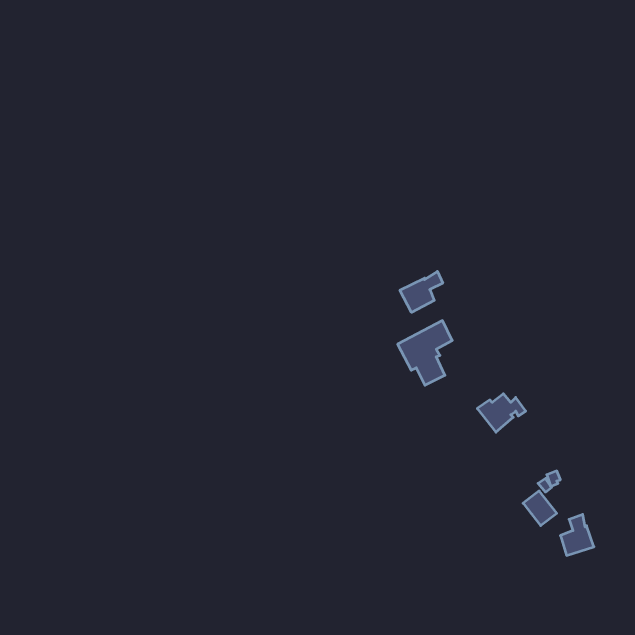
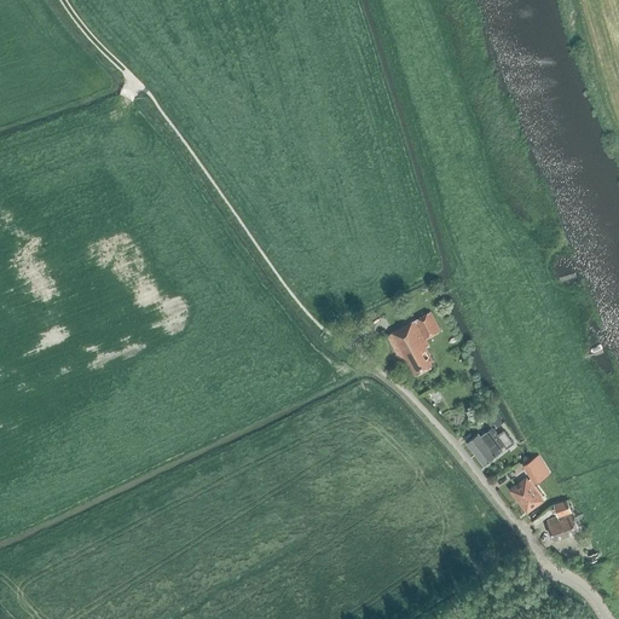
building: [400,271,443,312] -> none
building: [477,394,526,432] -> [465,428,513,465]

